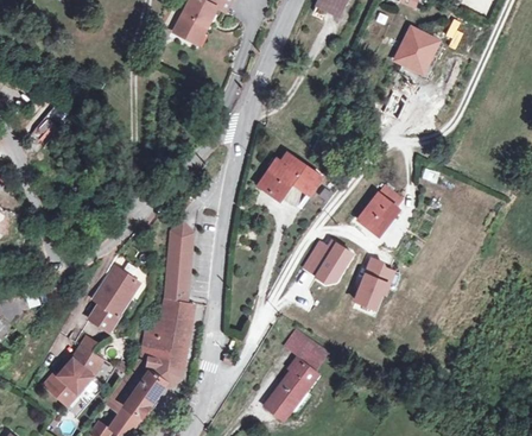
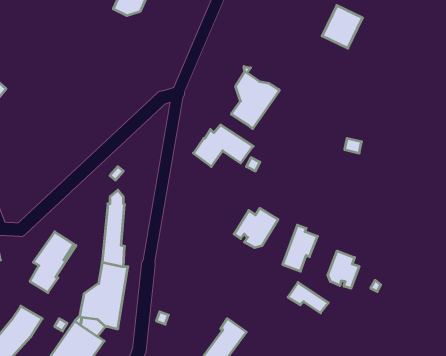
building: none -> [231,66,279,129]
building: [357,185,403,235] -> none
building: none -> [328,251,359,288]
building: [285,331,328,364] -> [288,282,328,313]

